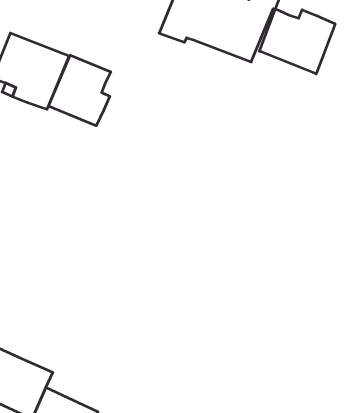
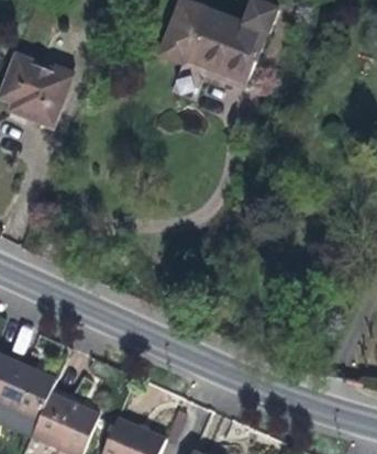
building: [259,9,335,74] -> none
building: [48,55,111,126] -> none

